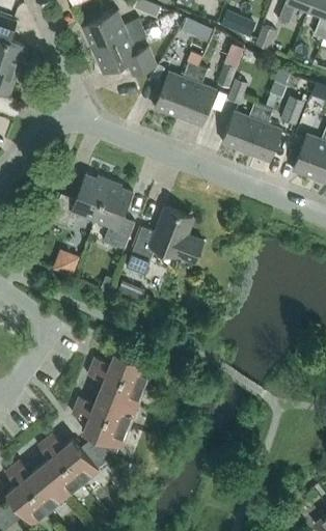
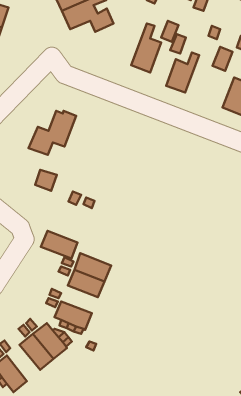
building: [155,62,198,117] -> none
building: [246,105,282,161] -> none
building: [96,180,135,249] -> none
building: [127,206,203,275] -> none
building: [91,392,137,426] -> [41,231,77,258]
building: [24,466,65,511] -> none

